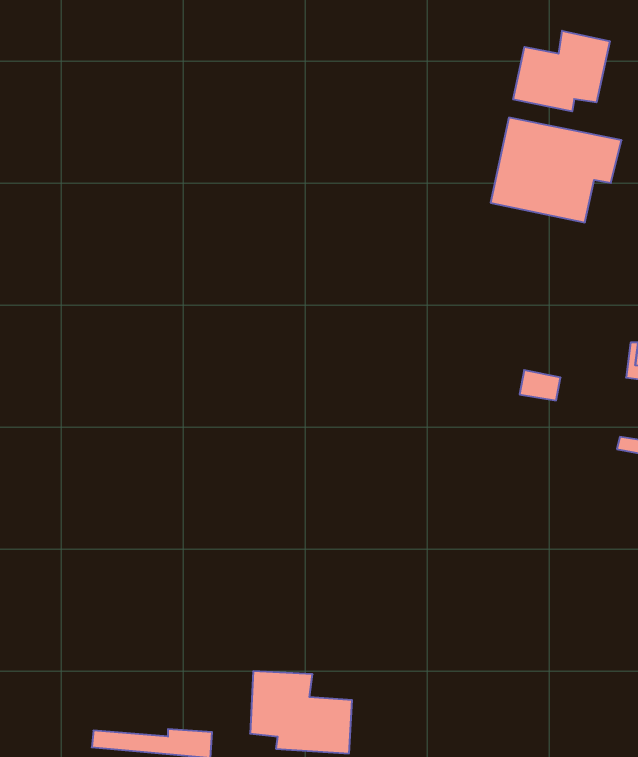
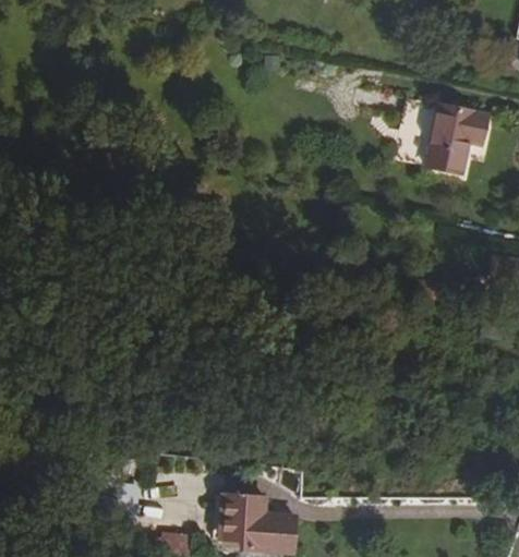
building: [513,31,610,111] -> none

